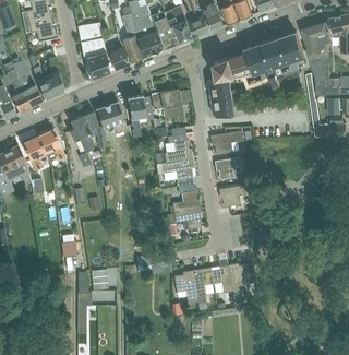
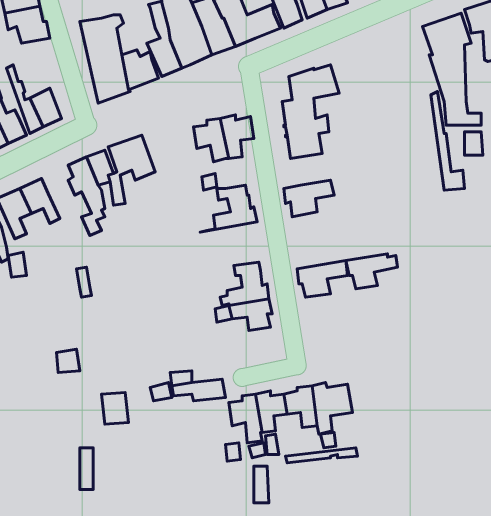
building: [241,32,304,87] -> none
building: [128,95,153,137] -> none
building: [214,157,248,180] -> [346,254,398,289]
building: [156,158,194,187] -> none

